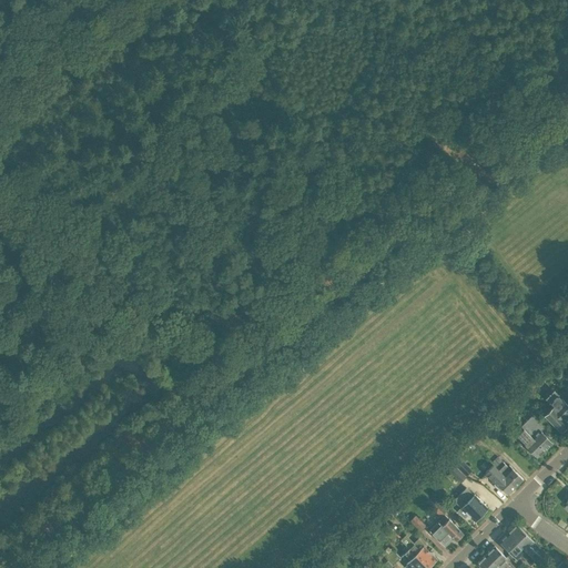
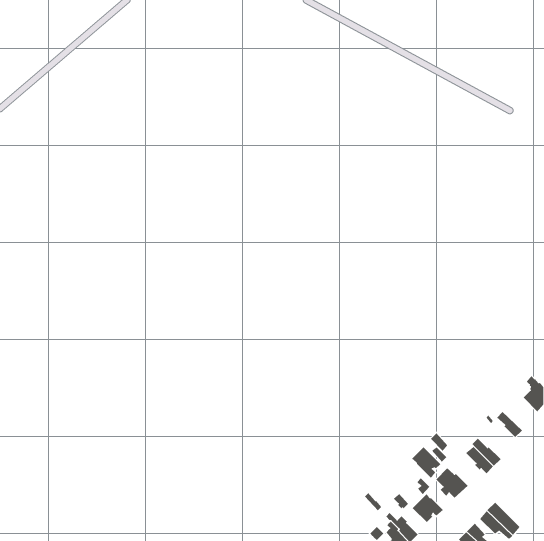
building: [521,417,555,452] -> none
building: none -> [411,446,441,479]

